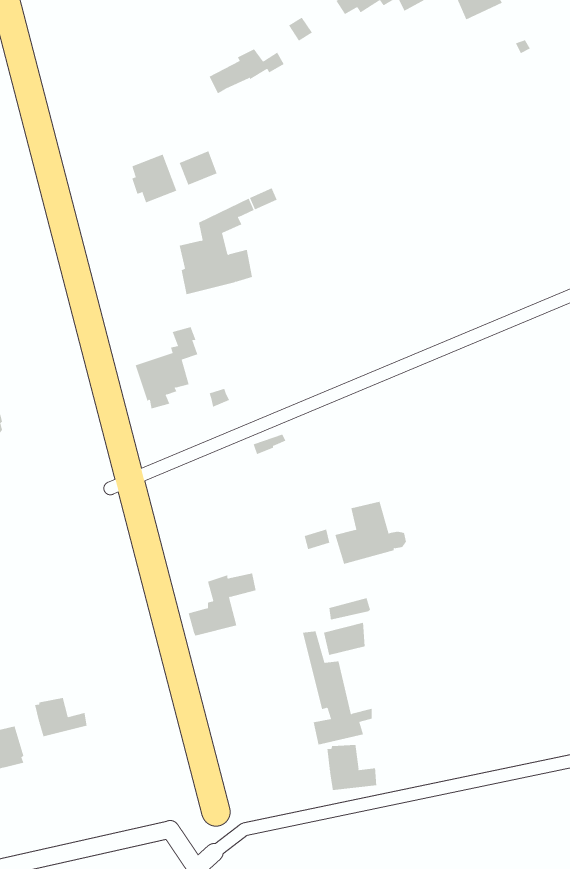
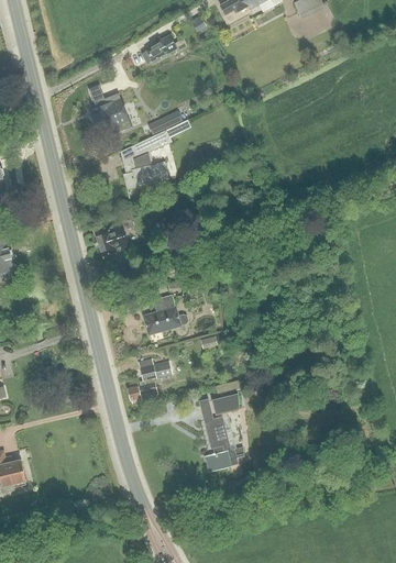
building: [335,501,407,565] -> [143,294,188,333]
building: [34,697,87,737] -> none
building: [327,744,377,791] -> none

